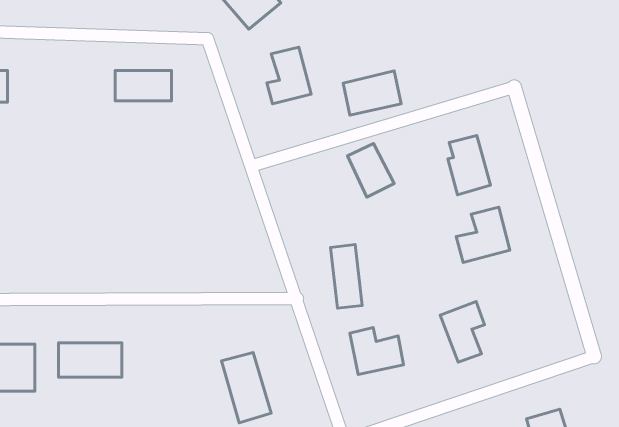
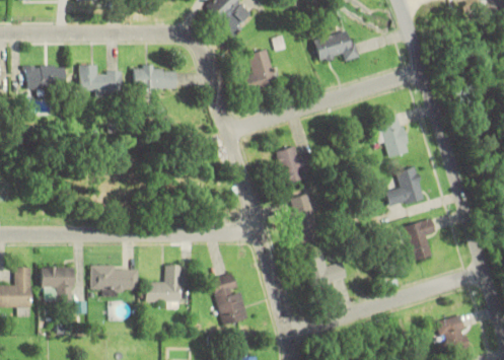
building: none -> [80,65,122,95]
building: [343,71,401,115] -> [314,29,357,62]
building: [347,143,394,197] -> [272,145,306,185]
building: [440,301,484,362] -> [403,217,435,262]
building: none -> [147,264,181,302]

